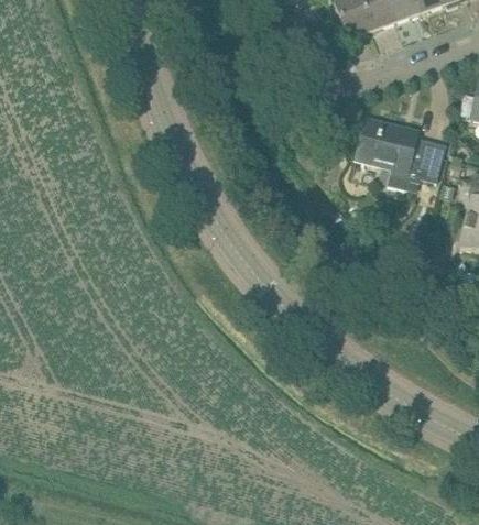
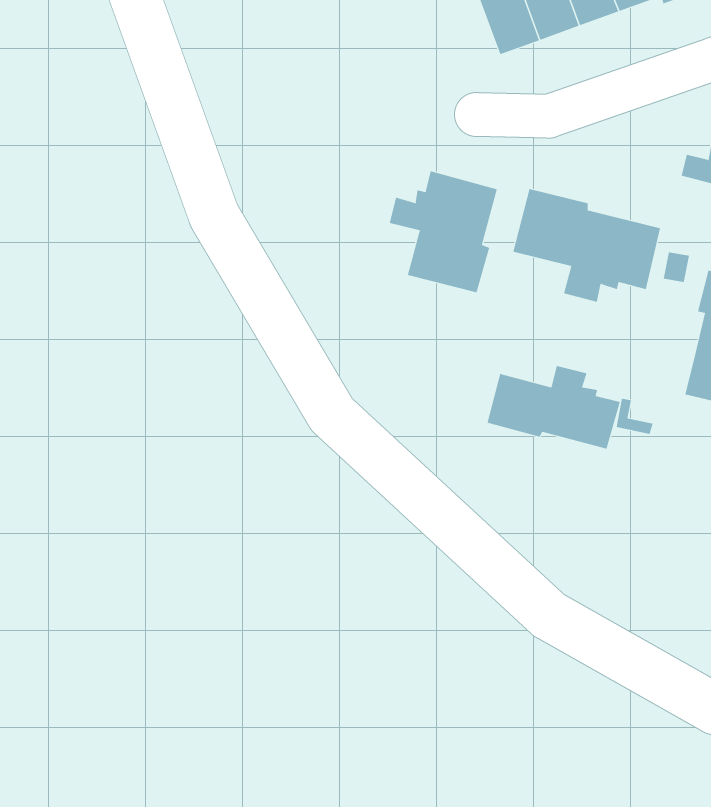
building: none -> [389,170,497,293]
building: none -> [487,365,621,449]

